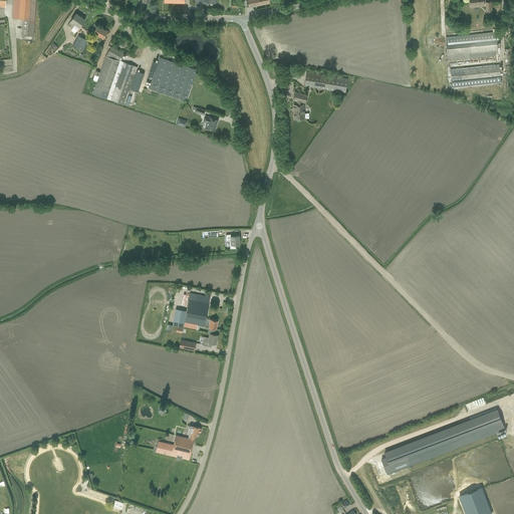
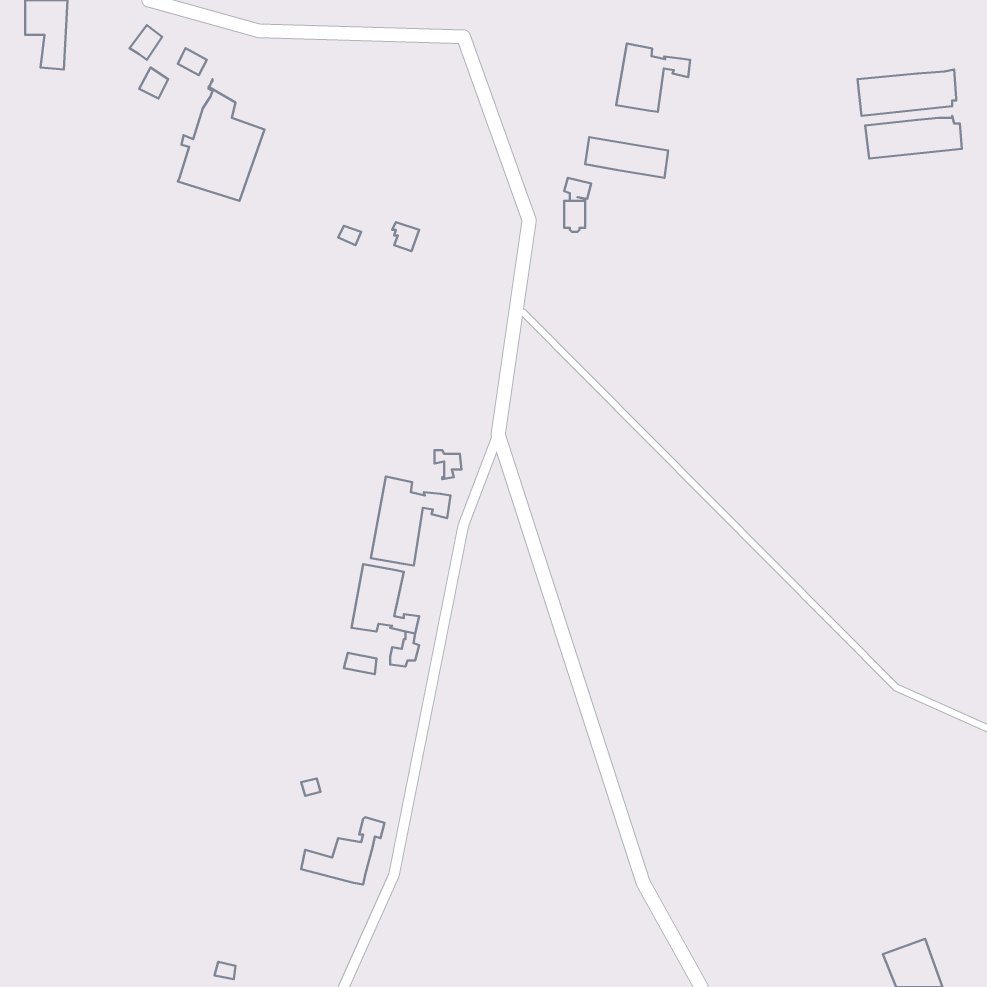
building: none -> [616,44,690,112]
building: [147,57,197,100] -> none
building: none -> [371,476,451,566]
building: [381,410,504,474] -> none

